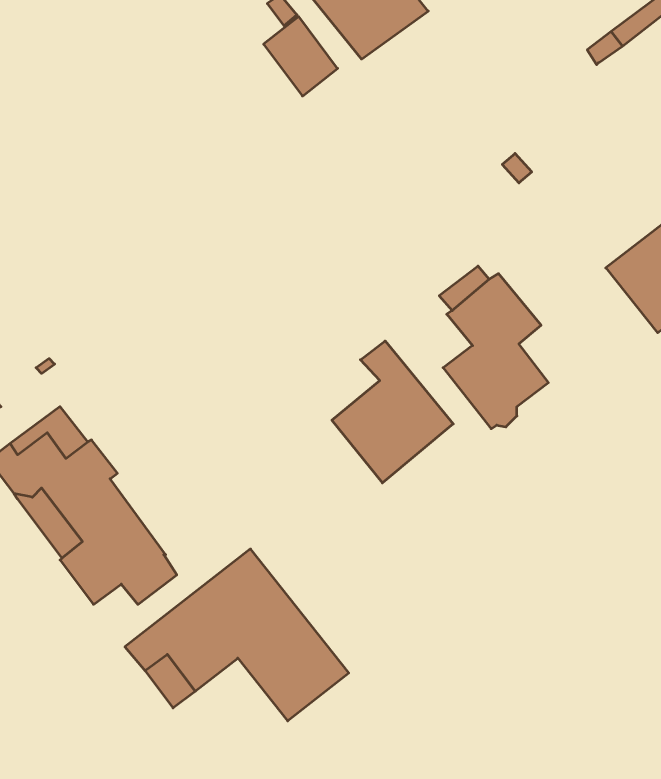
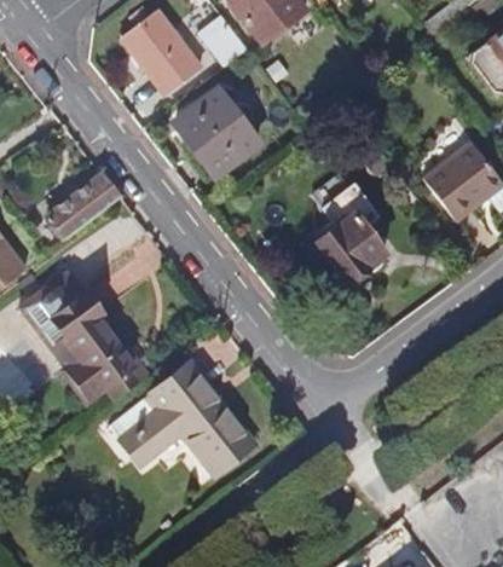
building: none -> [122,10,202,96]
building: none -> [175,89,258,174]
building: none -> [47,173,122,239]
building: [332,341,453,483] -> none

